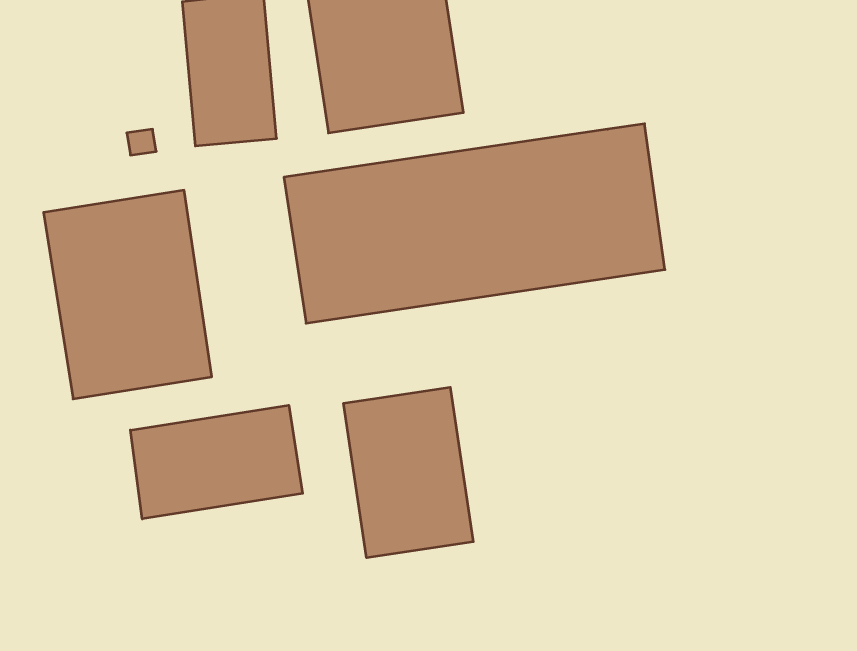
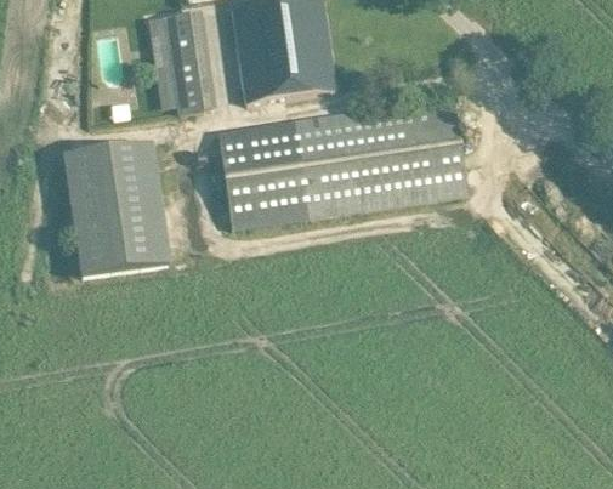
building: [344,387,473,558] -> none
building: [130,405,303,519] -> none

